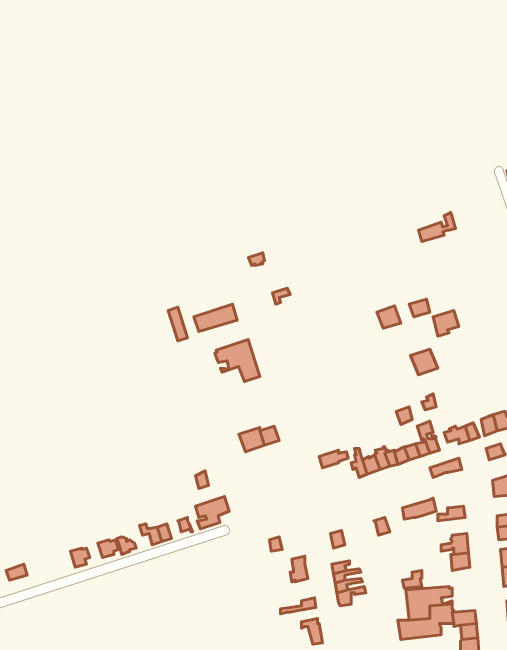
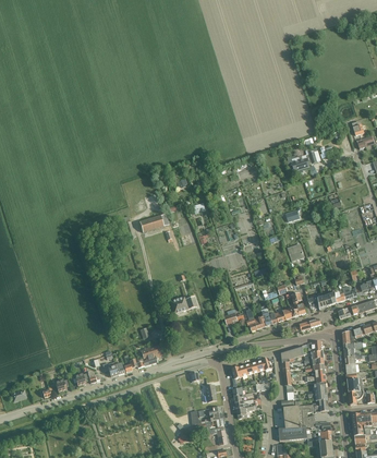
building: [215,339,260,382] -> none

